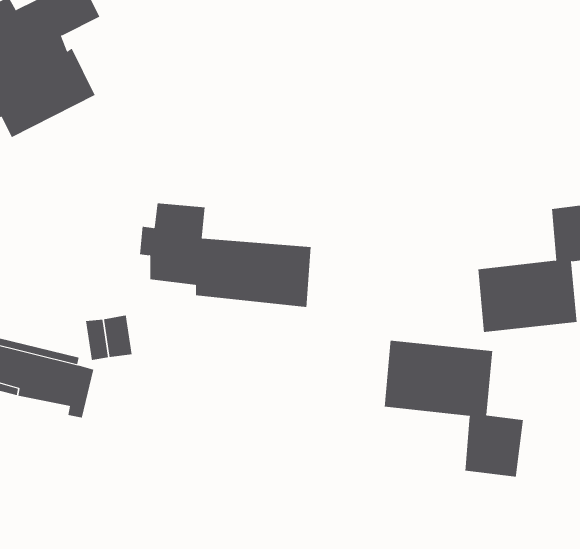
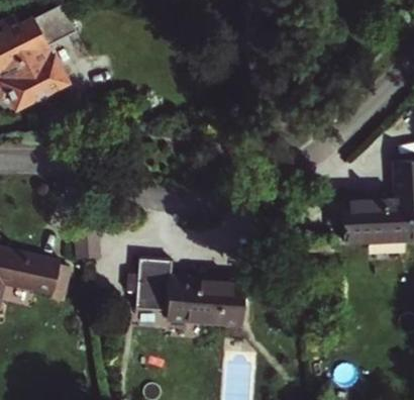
building: [139,203,311,307] -> [126,260,244,331]
building: [384,340,524,477] -> none

